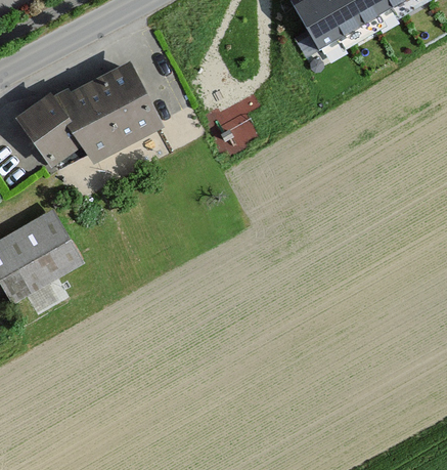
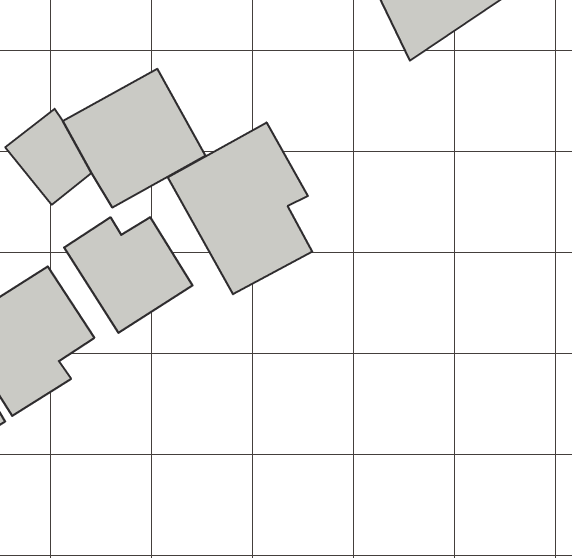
building: none -> [168,122,312,294]
building: none -> [64,217,193,333]

